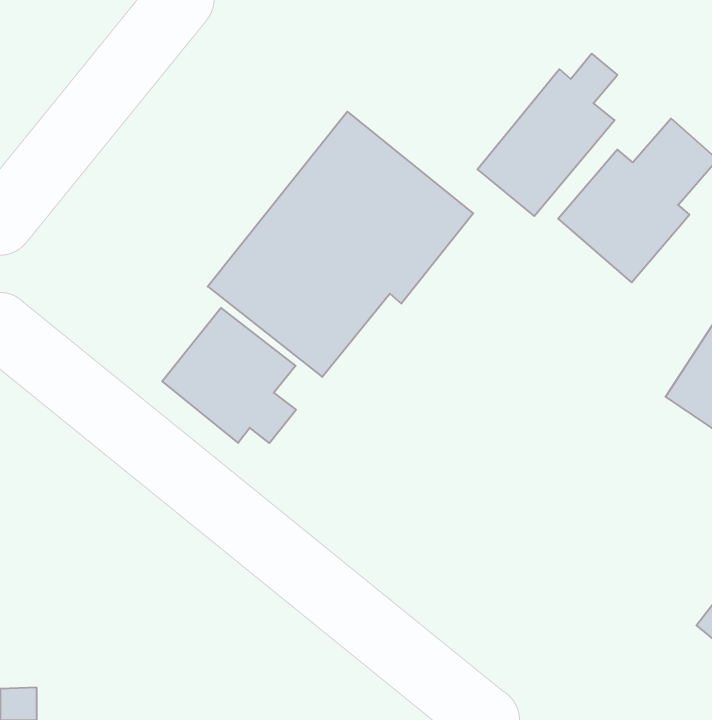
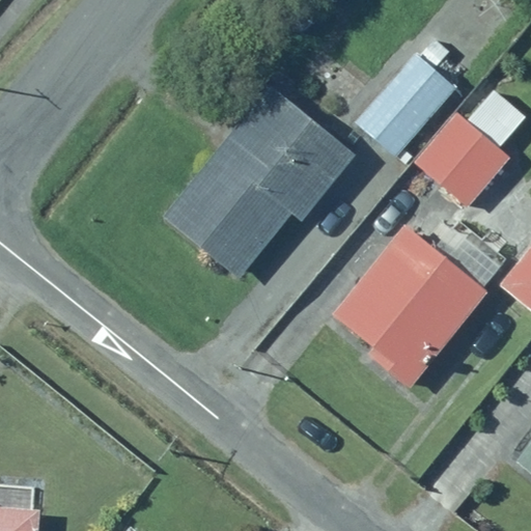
building: none -> [331,224,484,380]
building: [162,308,296,443] -> none

